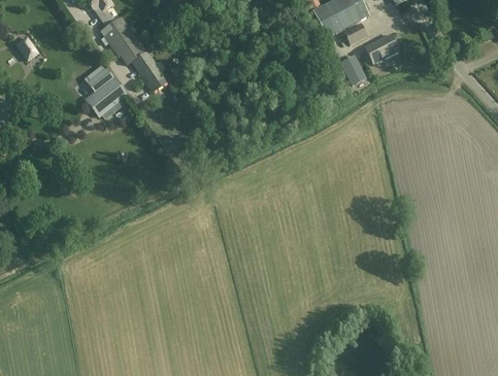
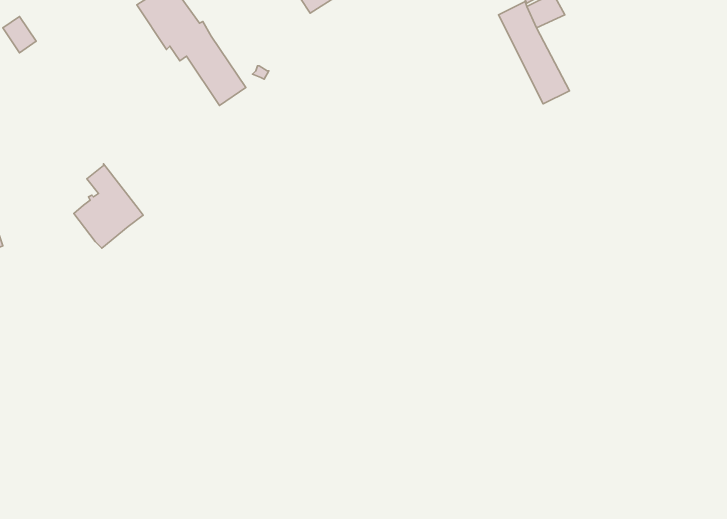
building: [364,33,397,62] -> none
building: [87,65,130,117] -> [74,164,143,248]

